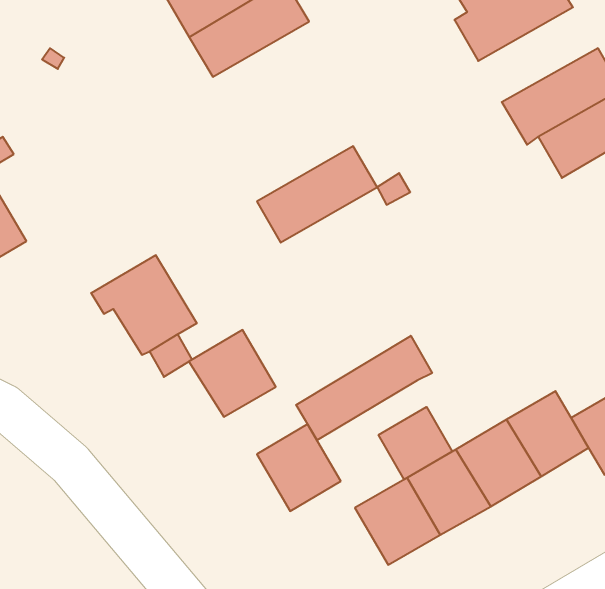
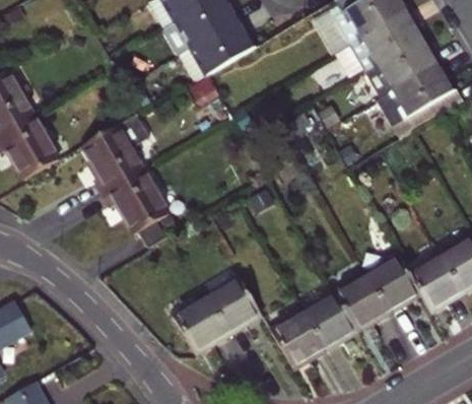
building: none -> [349,8,426,69]
building: [257,146,377,243] -> [179,17,256,79]
building: none -> [81,124,142,192]
building: [189,330,276,417] -> [173,295,228,351]
building: [296,336,432,440] -> none
building: [379,407,452,480] -> none

